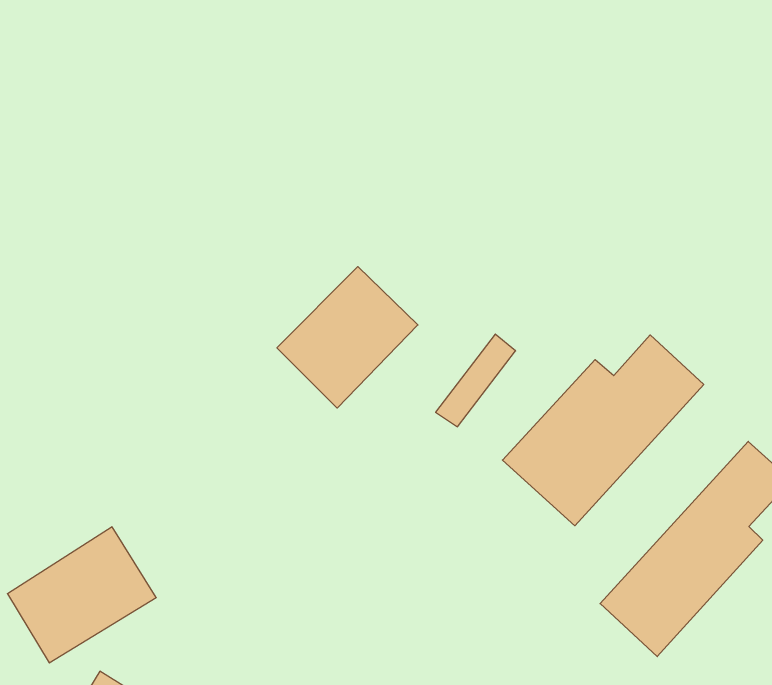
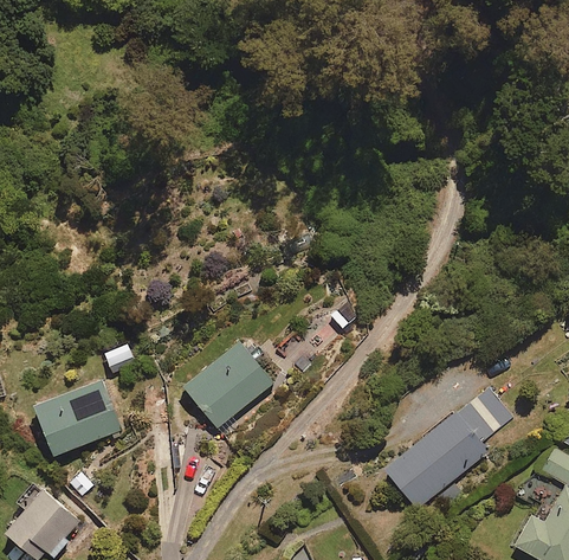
building: [277,267,418,408] -> [185,343,271,426]
building: [502,335,704,526] -> none

